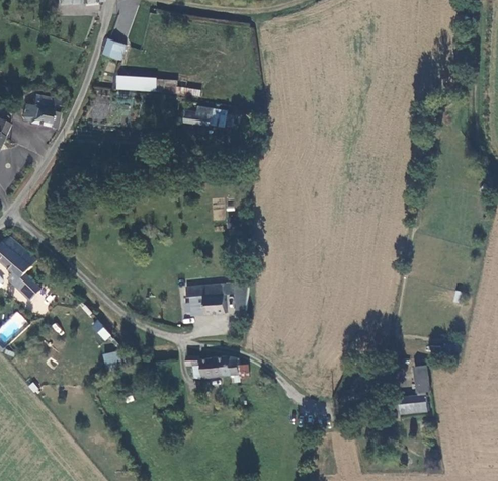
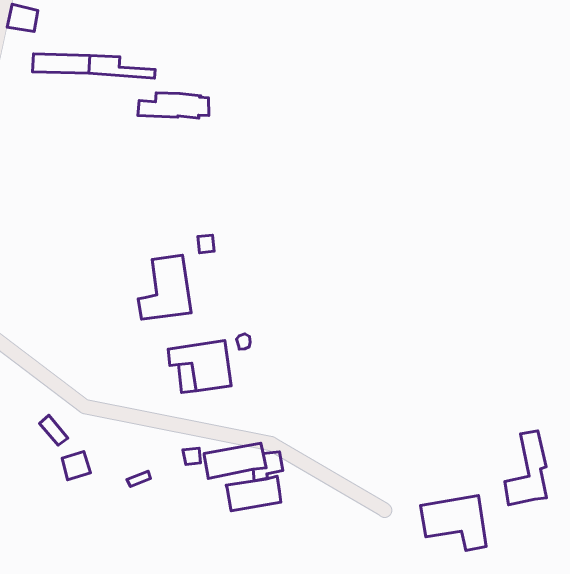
building: none -> [138,255,191,319]
building: none -> [226,476,281,511]
building: none -> [421,496,486,551]

